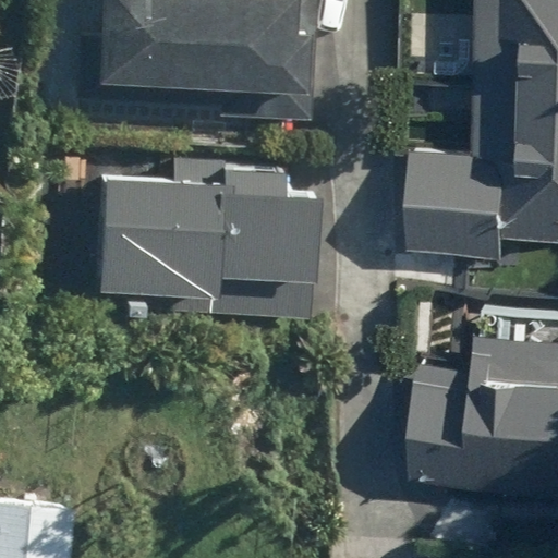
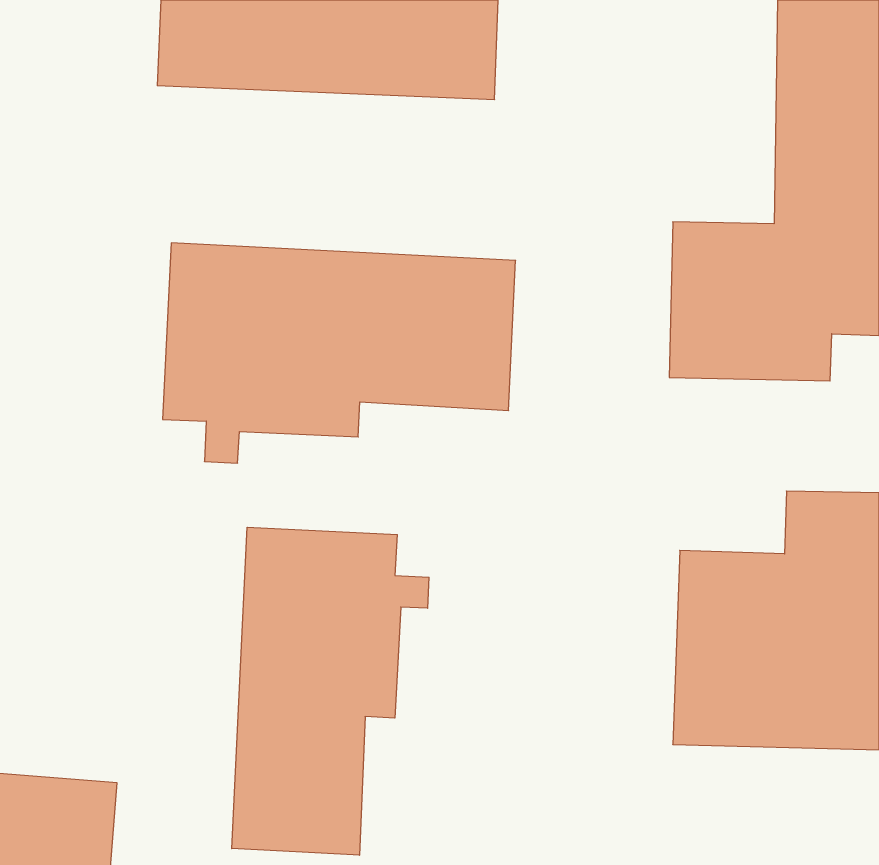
building: none -> [232,527,429,855]

